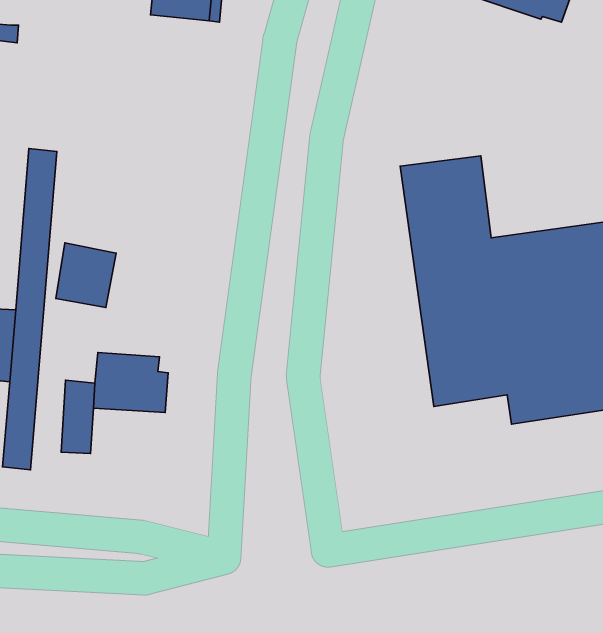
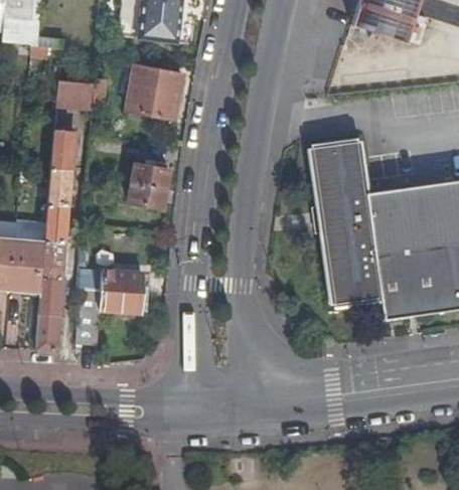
building: none -> [126,66,182,120]
building: none -> [56,80,94,109]
building: [56,243,116,307] -> [128,164,169,208]

